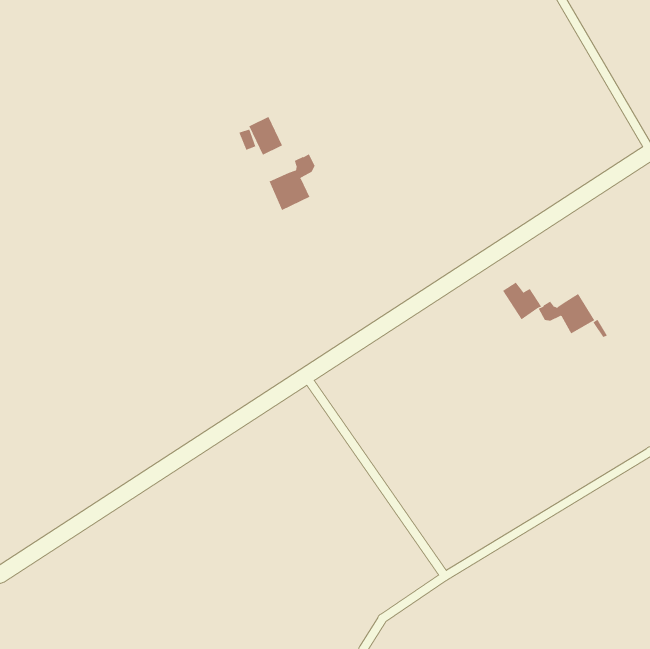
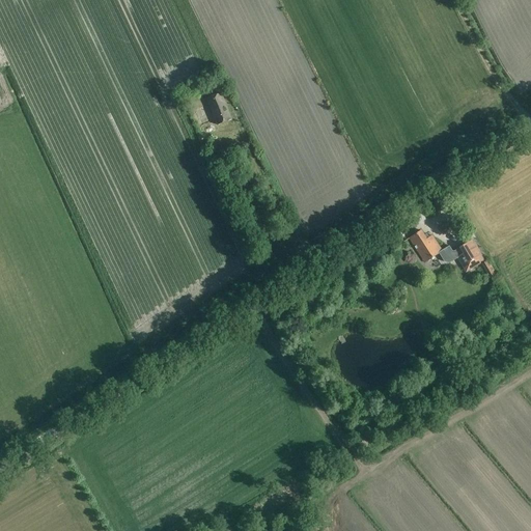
building: [269,154,315,211] -> none

